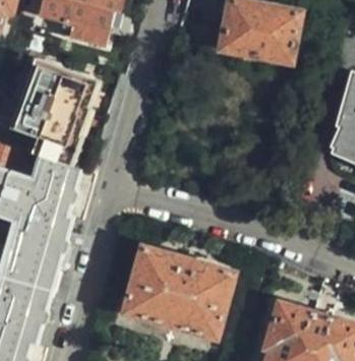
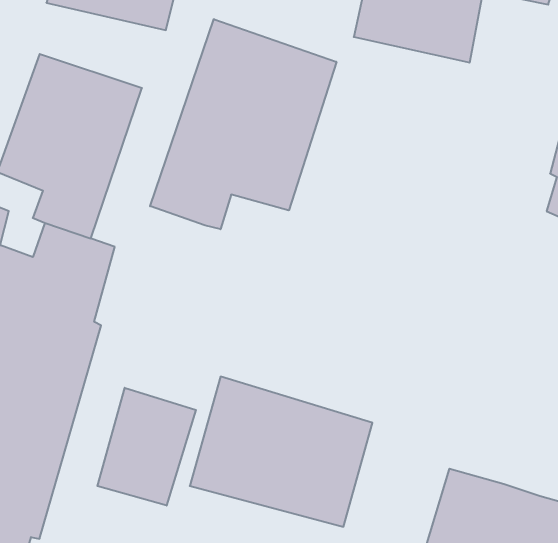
building: none -> [150,19,336,229]
building: none -> [97,388,196,506]

